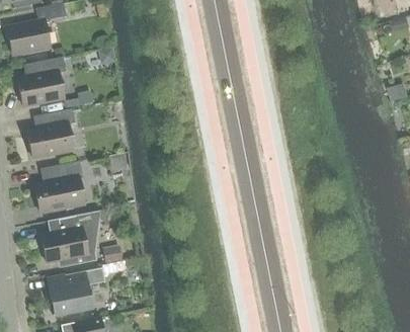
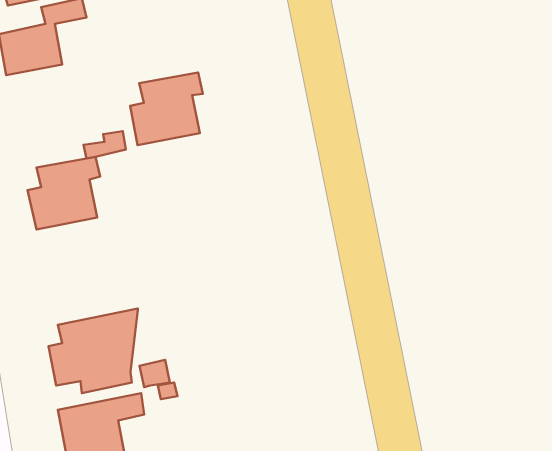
building: [18,58,67,106] -> [130,73,203,145]
building: [35,161,83,213] -> none

